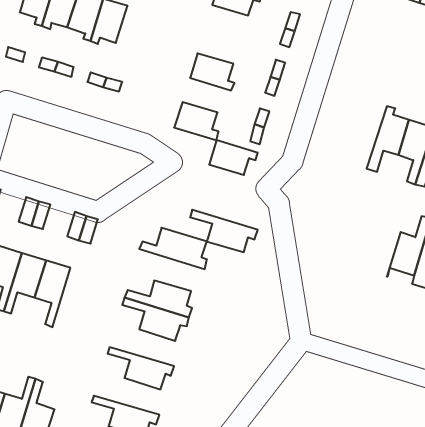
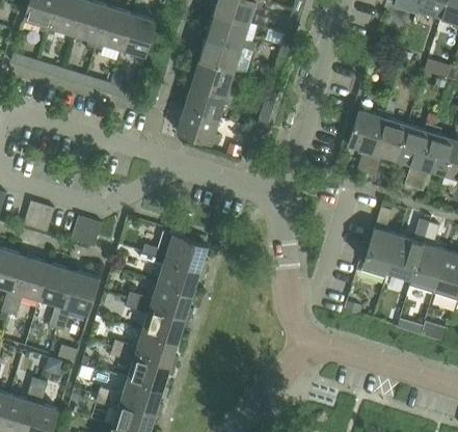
building: none -> [198,12,255,75]
building: none -> [118,14,155,63]
building: none -> [347,109,384,173]
building: [209,140,258,175] -> [184,84,232,118]
building: none -> [360,208,398,279]
building: [190,210,258,252] -> [139,252,206,294]
building: none -> [56,271,99,331]
building: none -> [112,331,179,368]
building: none -> [97,379,163,415]

